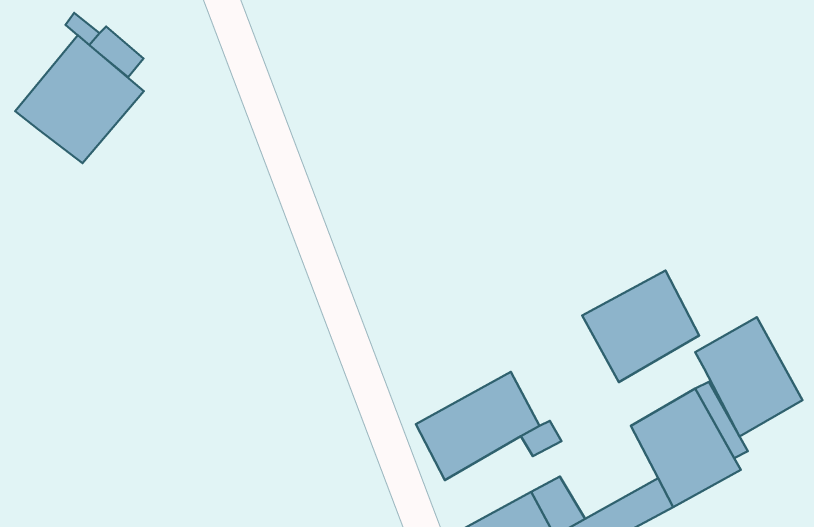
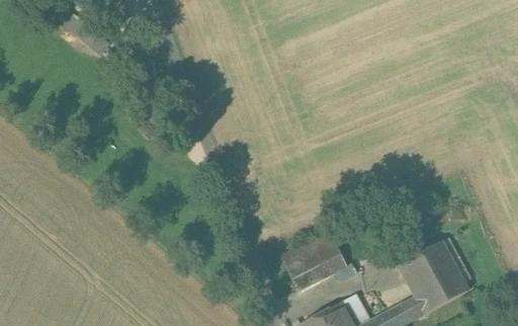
building: [15,35,144,163] -> none
building: [582,270,699,382] -> none
building: [695,317,802,437] -> none

